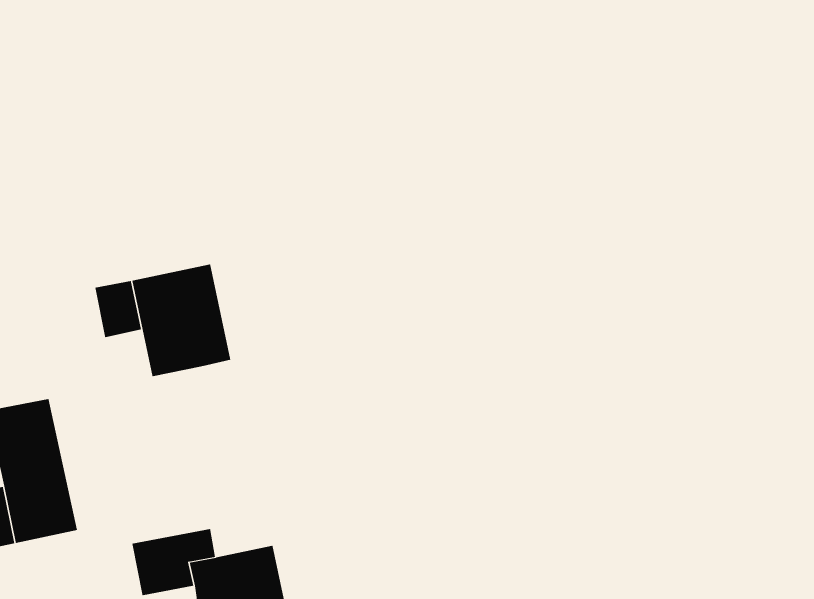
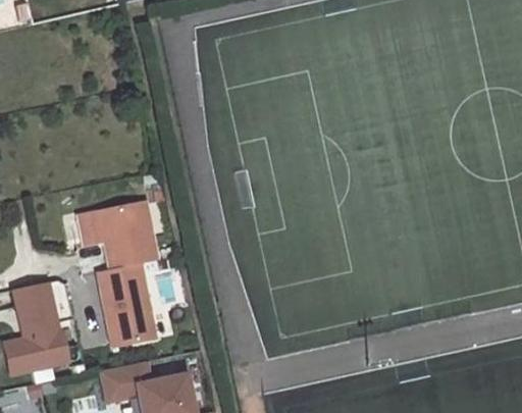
building: none -> [99,264,158,348]

